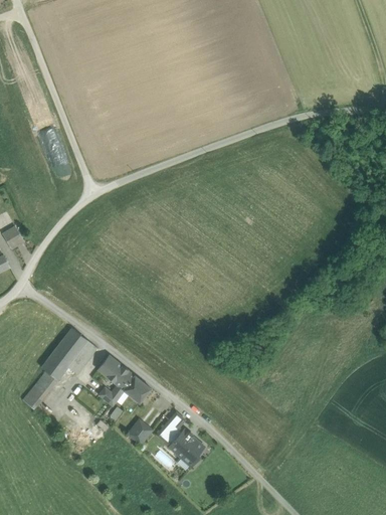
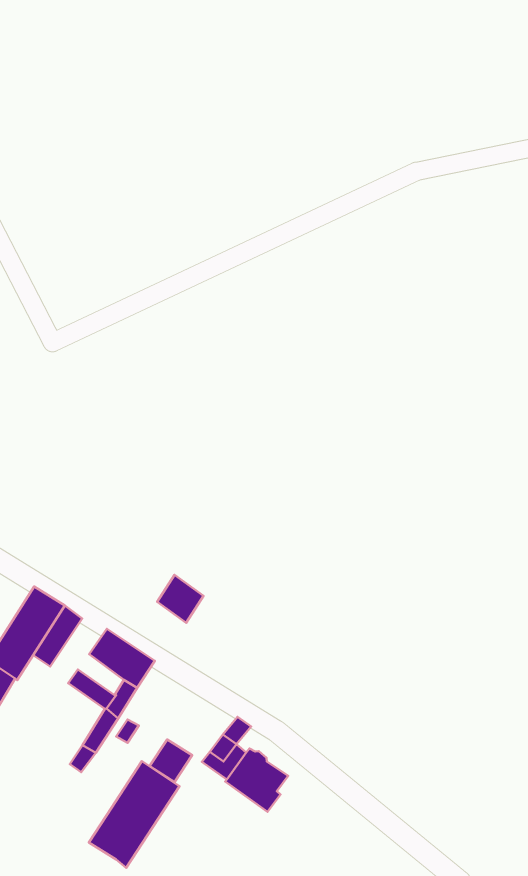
building: [124,375,150,402] -> [157,575,204,623]
building: none -> [89,761,179,868]

